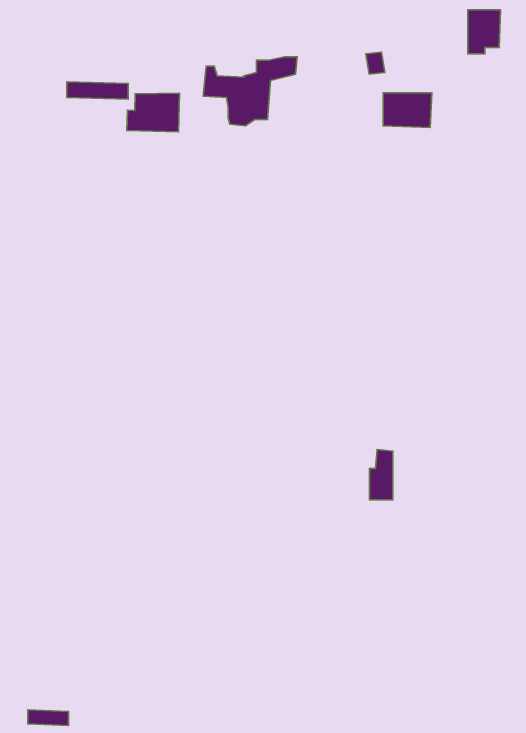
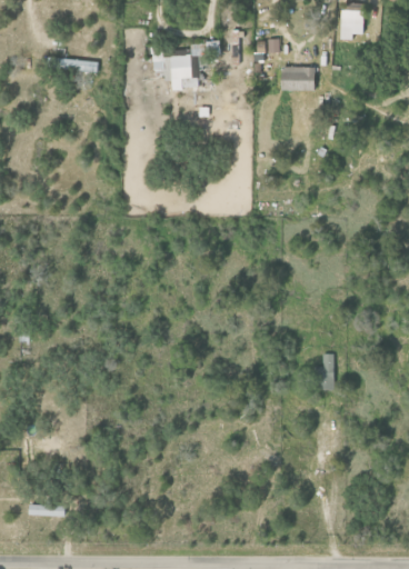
building: [127,93,179,132] -> none
building: [369,450,393,500] -> [317,355,333,390]

